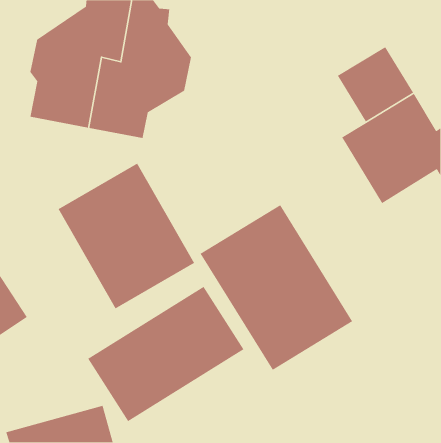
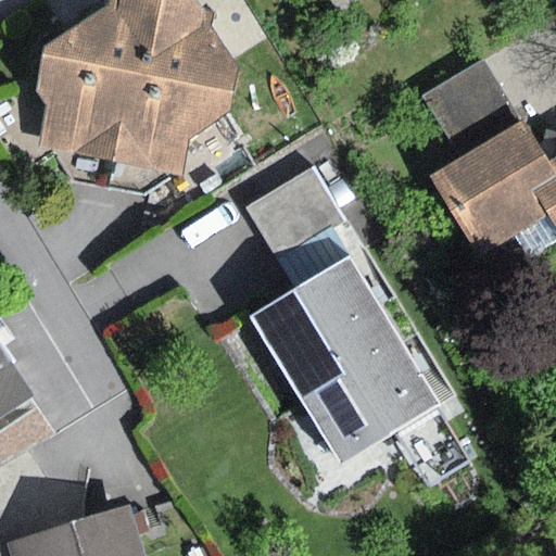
building: none -> [244,168,344,263]
building: [58,162,195,310] -> none
building: [87,286,244,422] -> none

